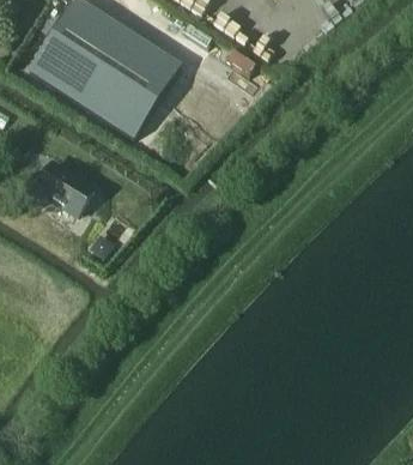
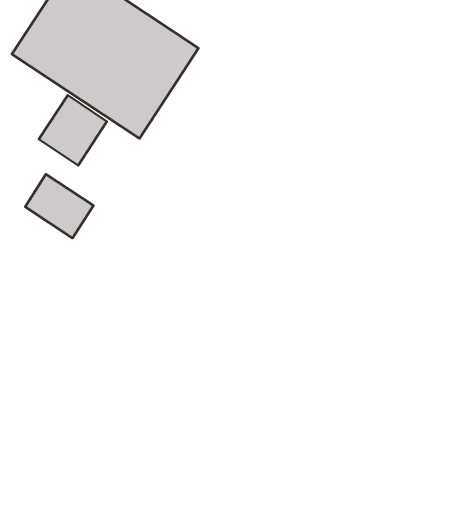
building: none -> [39,95,107,165]

